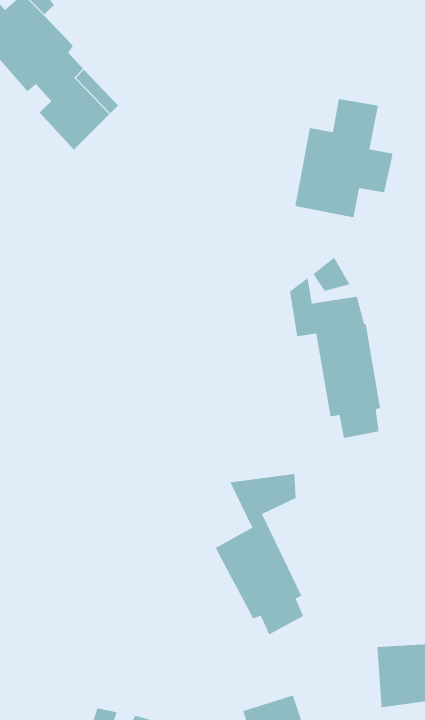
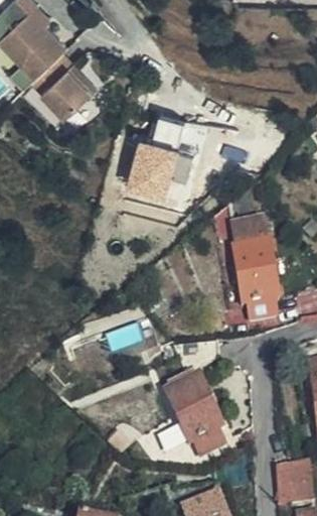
building: [294,98,393,218] -> [130,112,198,195]

